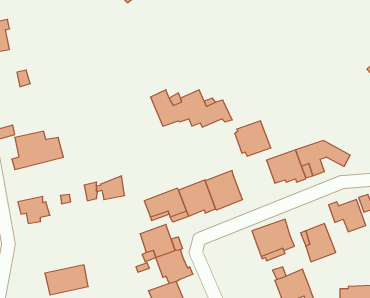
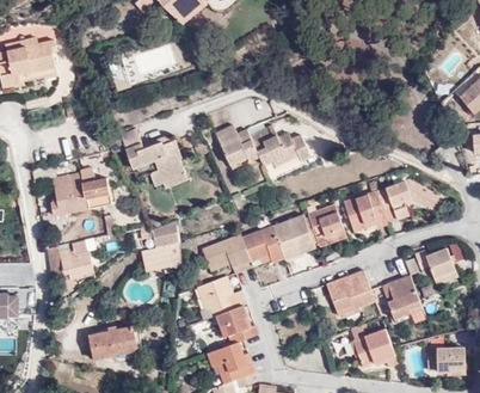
building: none -> [103,130,184,189]
building: [235,121,271,156] -> [304,205,346,246]
building: none -> [141,244,181,274]

